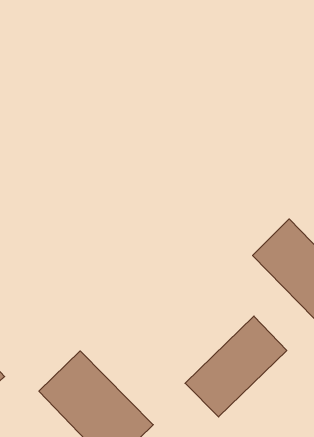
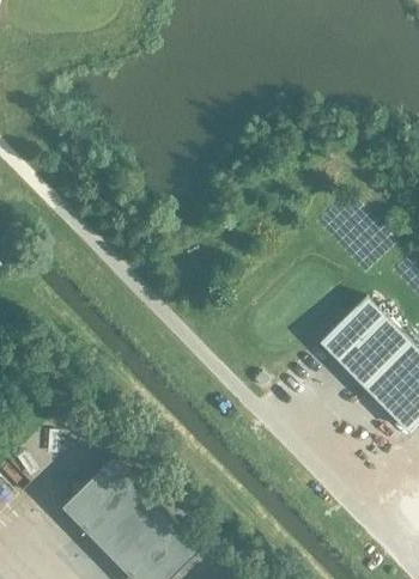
building: [185,316,287,417] -> none

